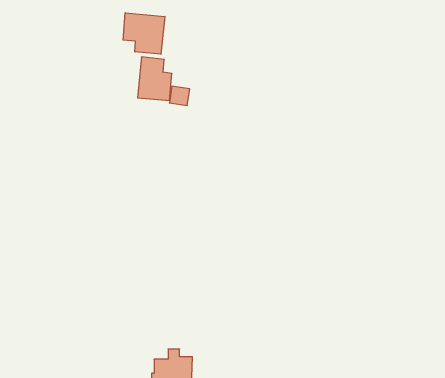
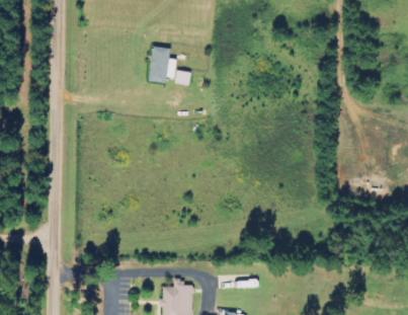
building: [123,13,165,54] -> none

